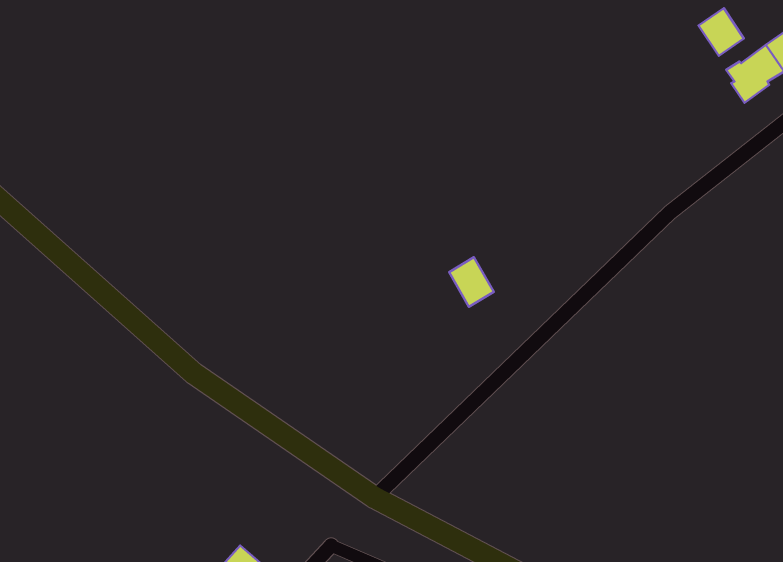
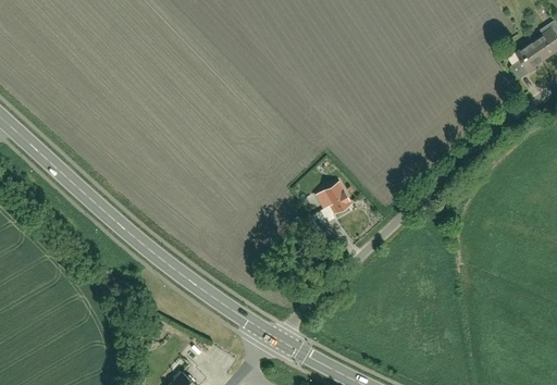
building: [699,8,744,56] -> none

